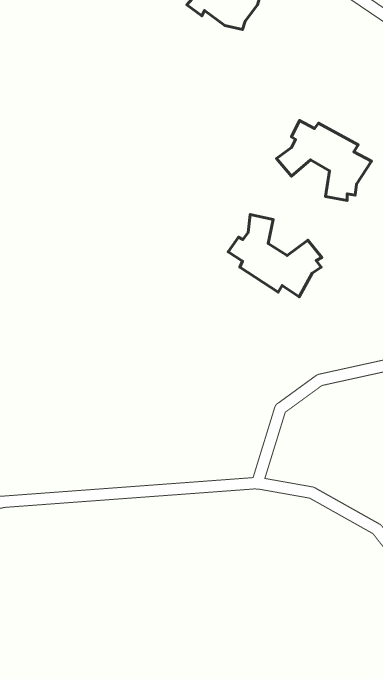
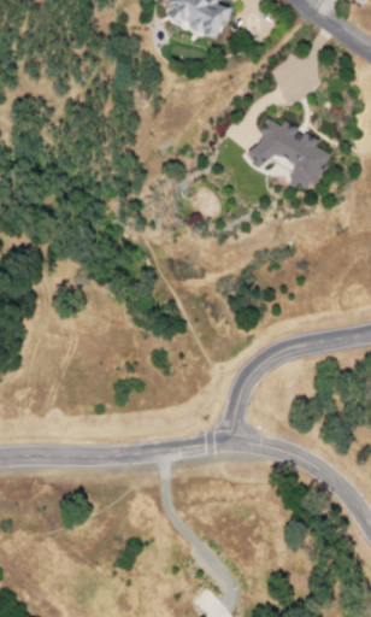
building: [228,214,322,297] -> none

